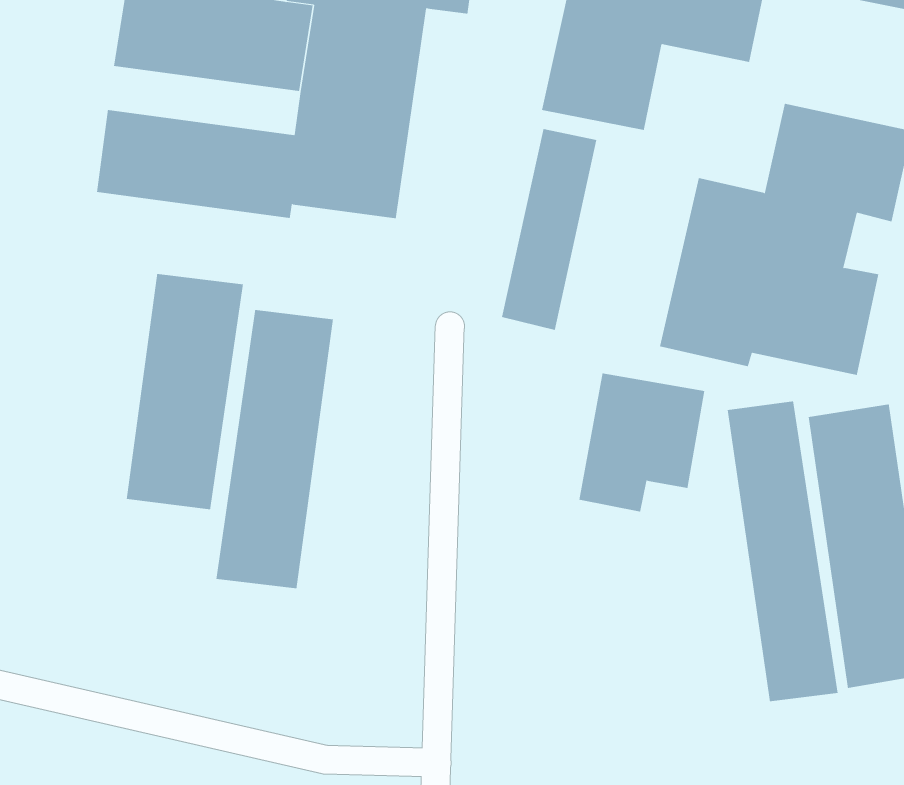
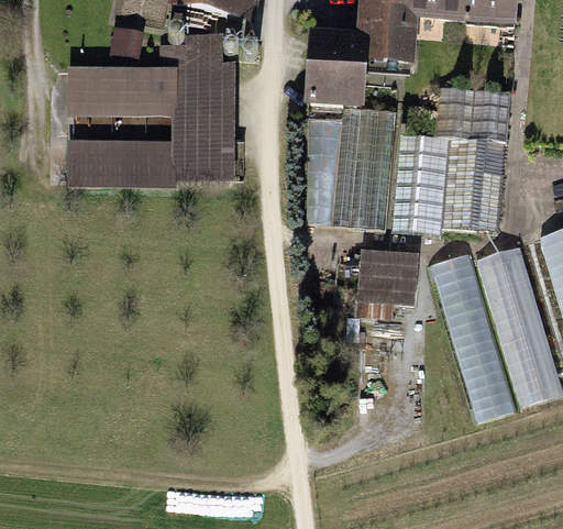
building: none -> [330,112,395,232]
building: [126,273,244,510] -> none
building: [216,309,333,589] -> none

